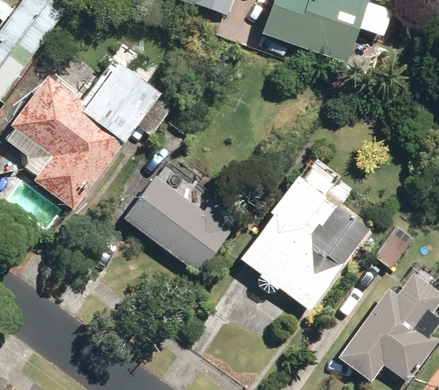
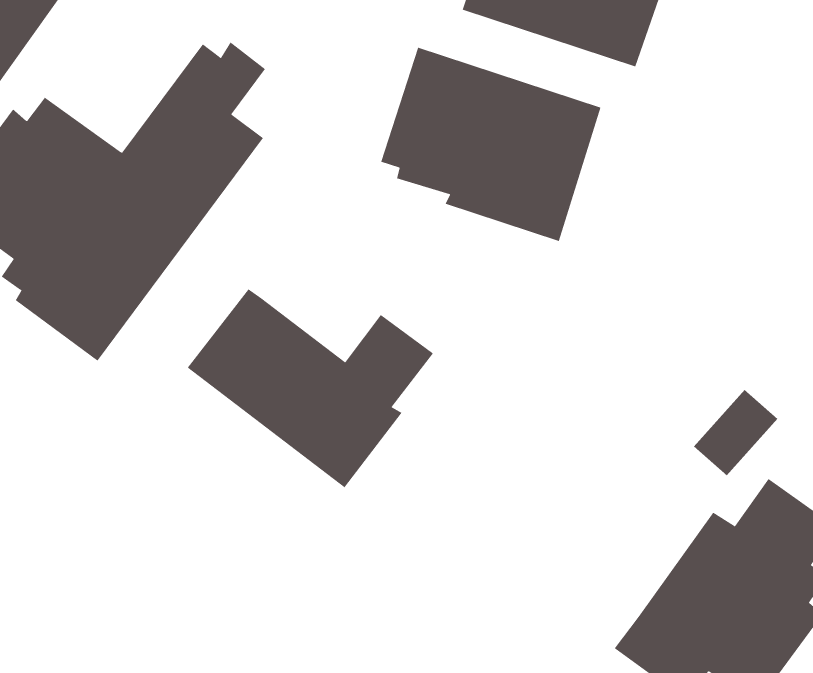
building: none -> [380,47,601,242]
building: [237,176,369,310] -> none

